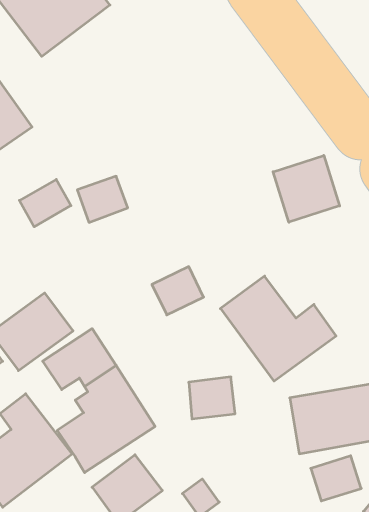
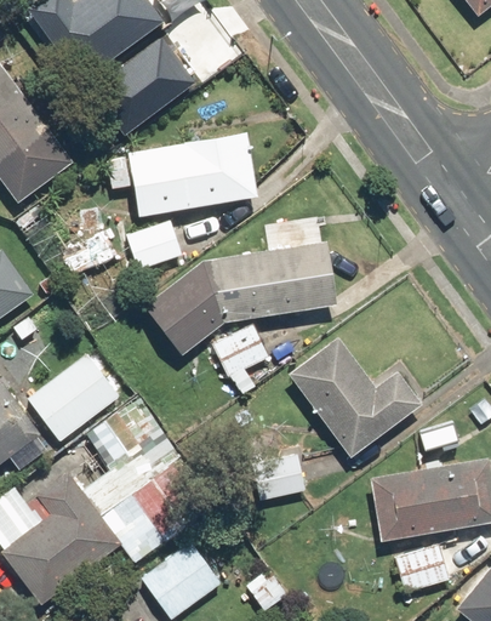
building: none -> [116,39,202,121]
building: none -> [127,131,255,216]
building: [273,155,340,222] -> none
building: none -> [142,241,336,355]

